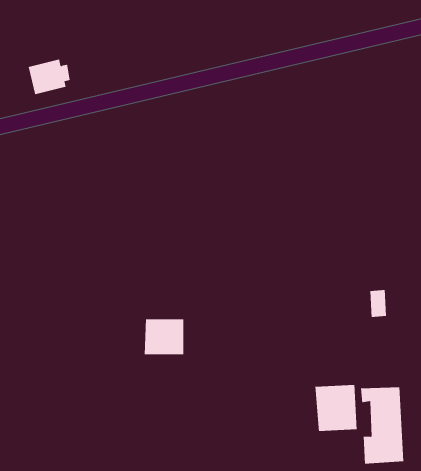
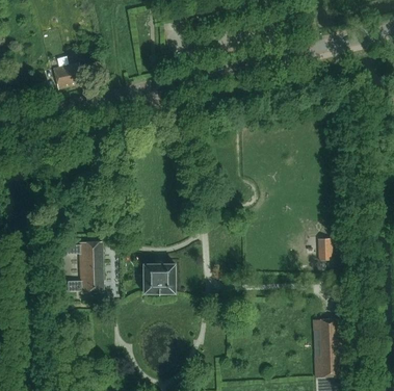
building: none -> [67,241,103,293]
building: [315,384,357,432] -> none

